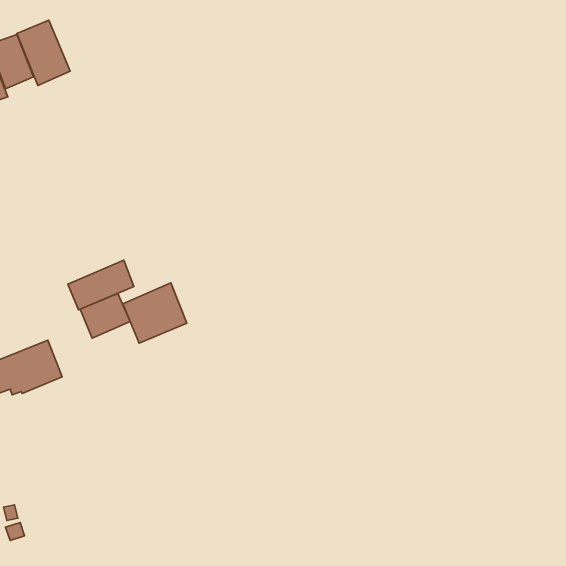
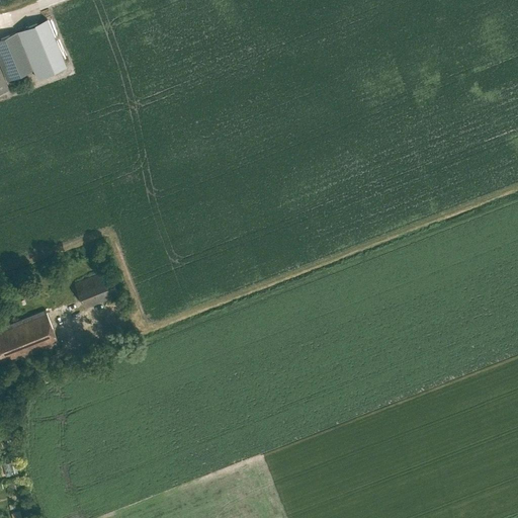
building: [68,260,134,310] -> none
building: [123,283,187,343] -> none

